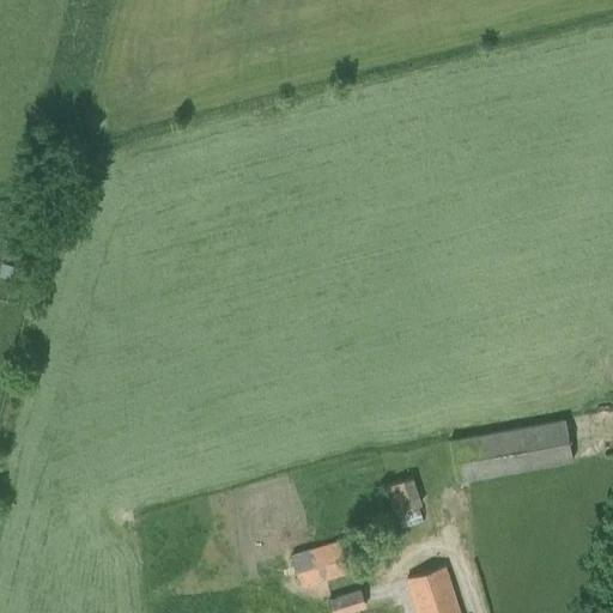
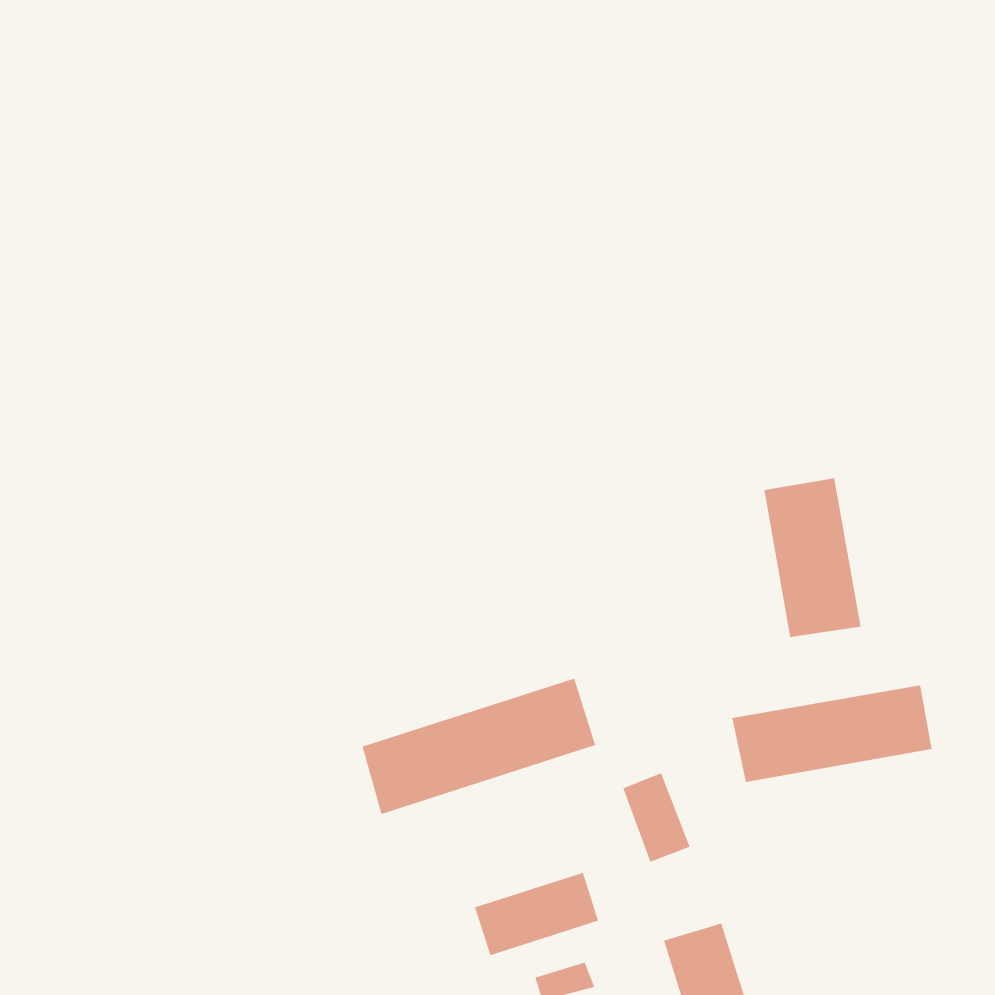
building: none -> [764,477,861,638]
building: none -> [362,678,596,815]

